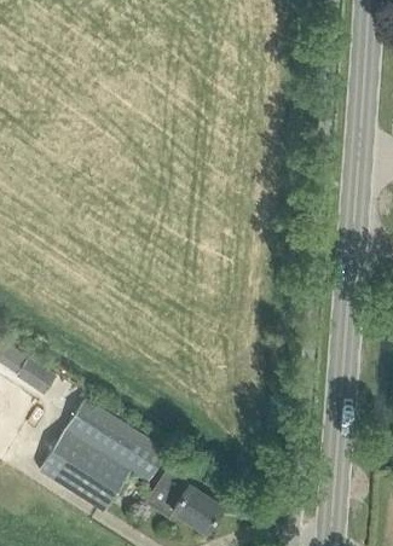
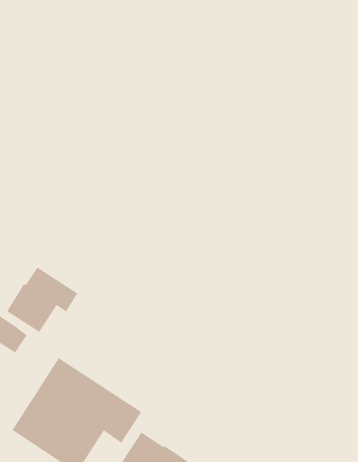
building: none -> [6,266,78,333]

